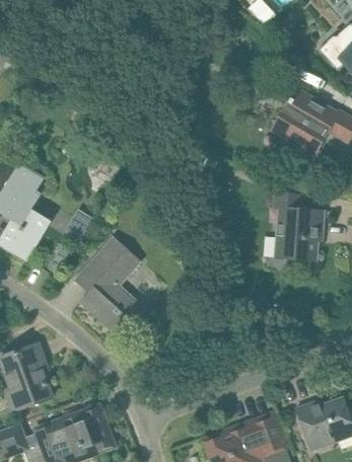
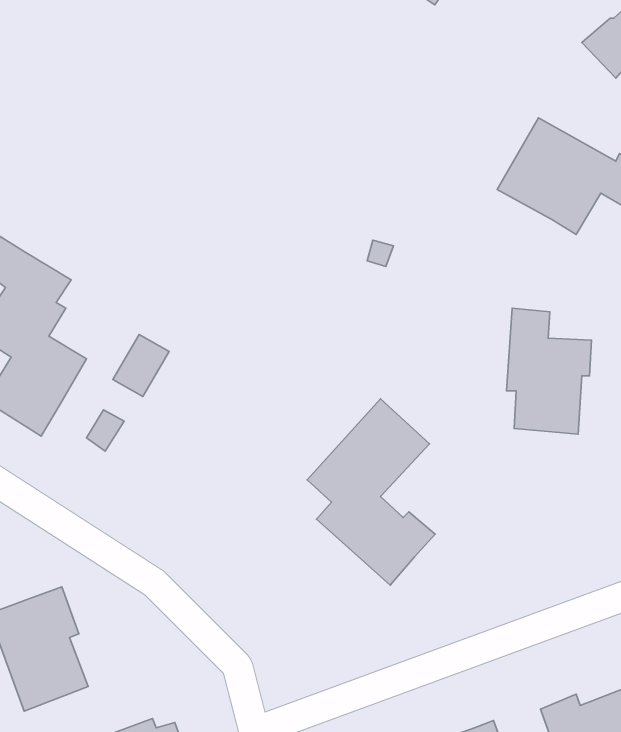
building: [74,236,143,336] -> [307,399,435,585]

